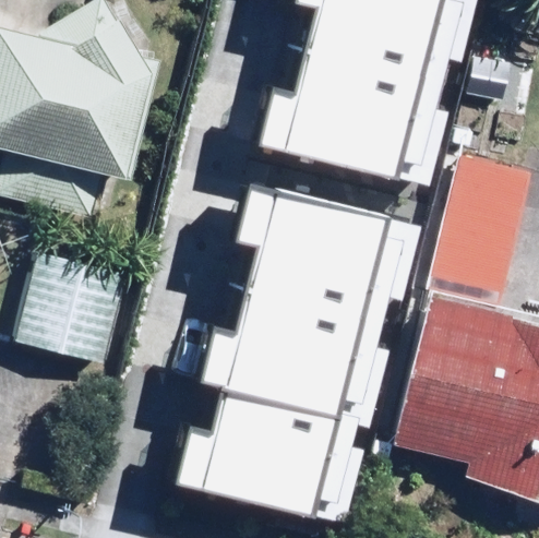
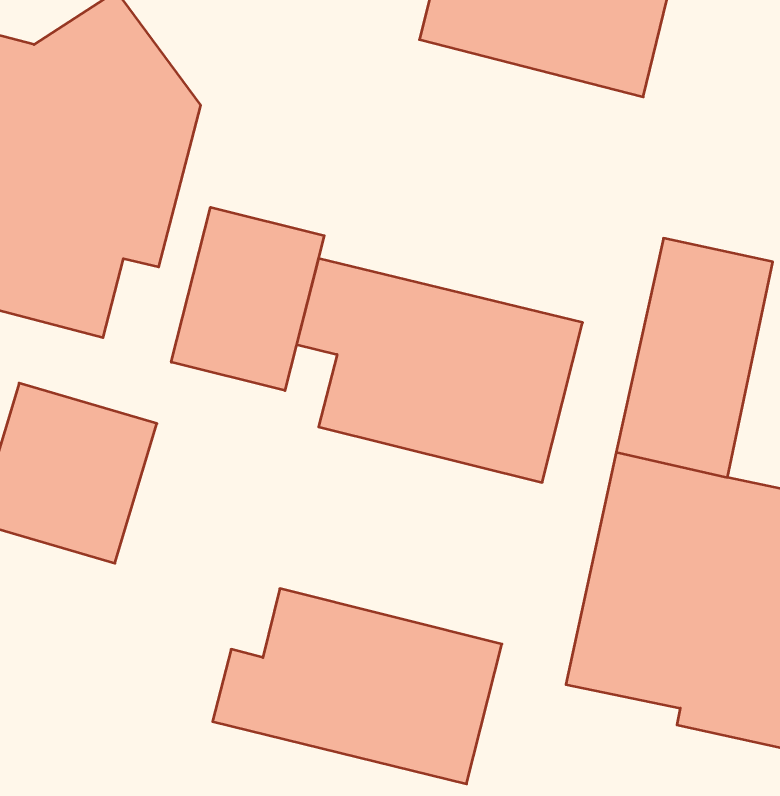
building: [251,33,448,175] -> none
building: none -> [171,207,324,391]
building: [185,284,383,425] -> none

